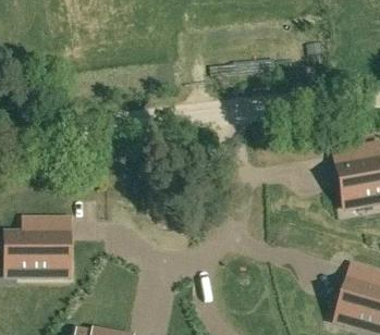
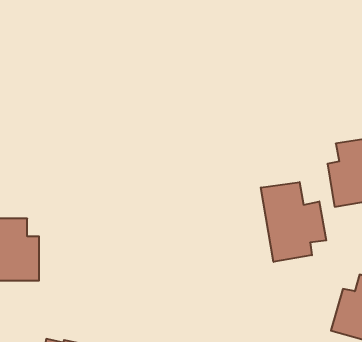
building: none -> [261,182,326,262]

